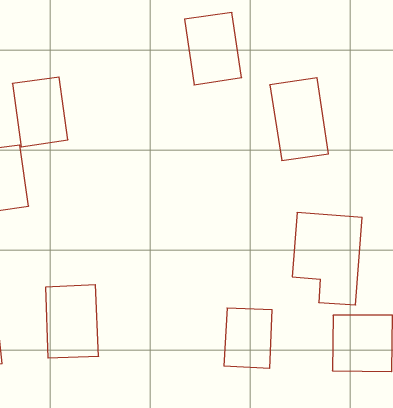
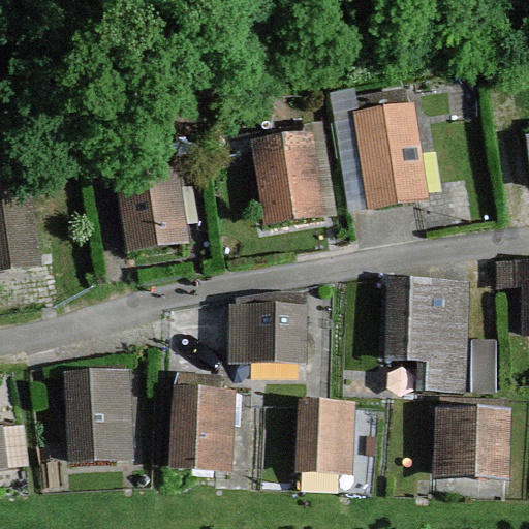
building: [185,13,242,85] -> [252,132,325,225]
building: [12,77,68,147] -> [118,162,189,252]
building: none -> [228,303,308,364]
building: none -> [168,384,239,471]

